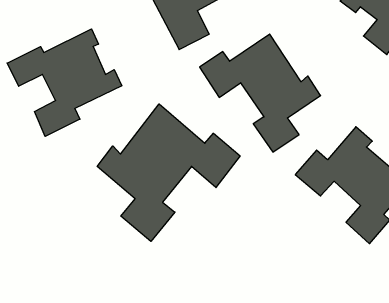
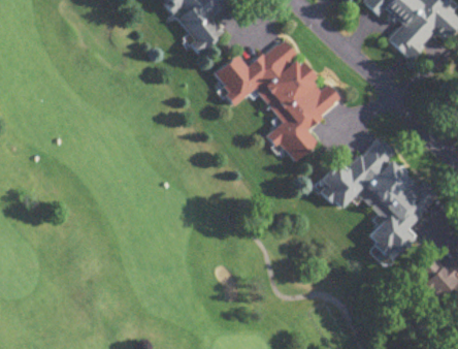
building: [7,29,122,136] -> none
building: [97,104,240,241] -> none

